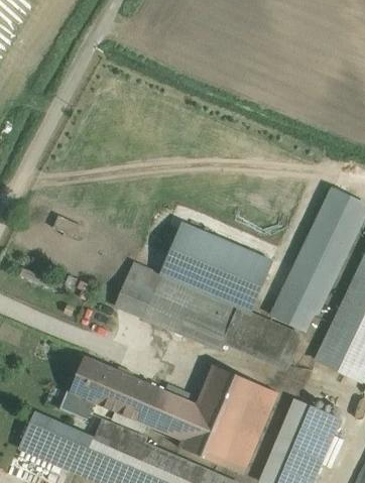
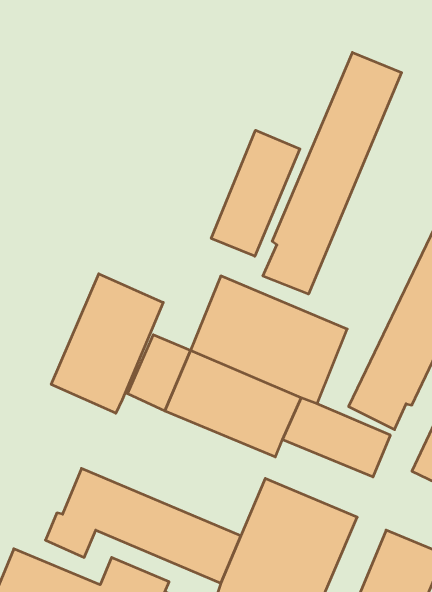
building: none -> [263,52,402,294]
building: none -> [211,130,300,256]
building: none -> [51,274,163,413]

